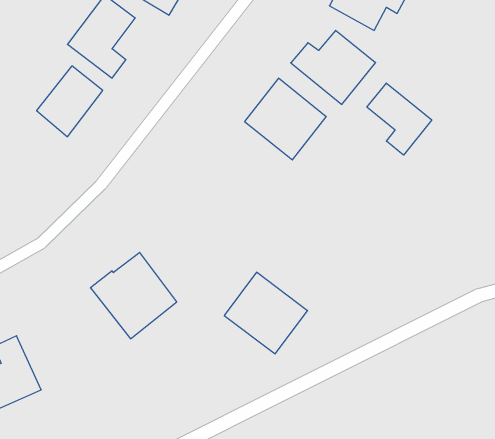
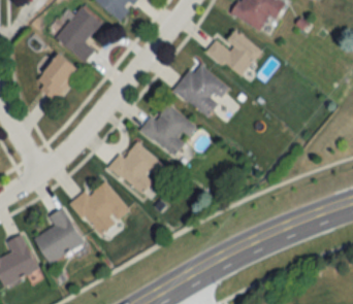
building: [367,83,432,155] -> none
building: none -> [141,101,197,157]
building: [224,272,308,354] -> [109,139,165,194]
building: none -> [34,207,85,263]

